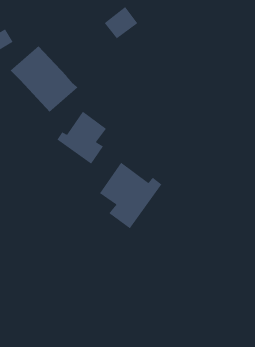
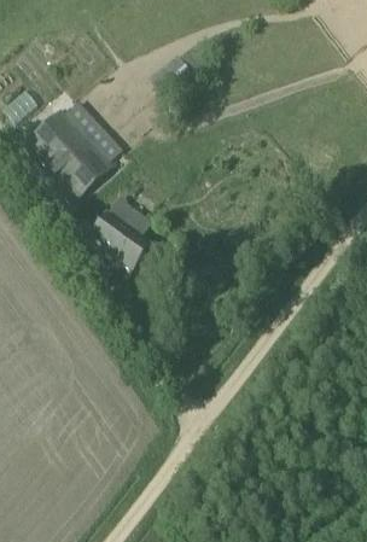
building: [99,162,162,229] -> none

